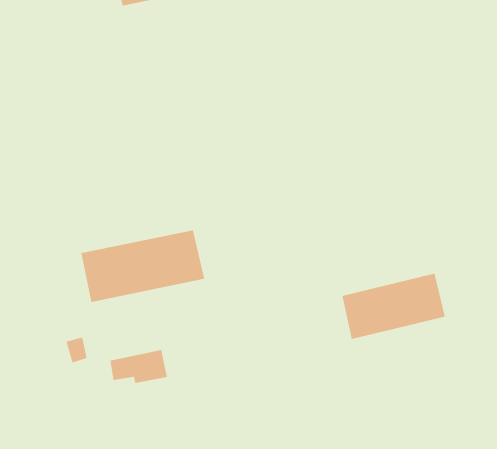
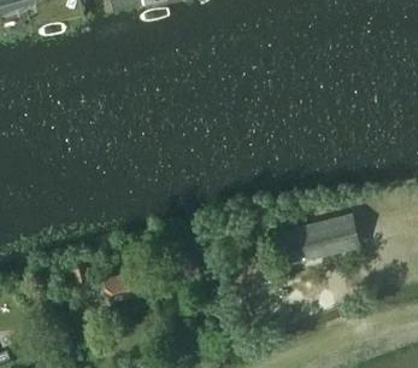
building: [80,229,205,303] -> none

